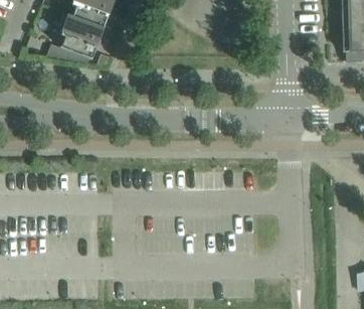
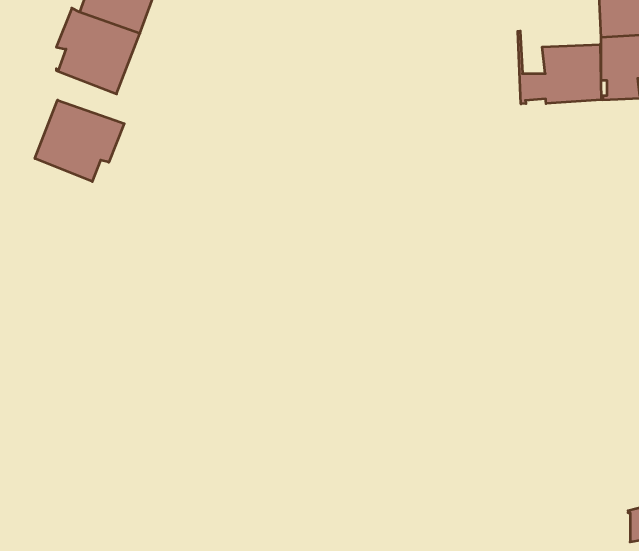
building: none -> [518,31,601,104]
building: none -> [35,100,124,182]

